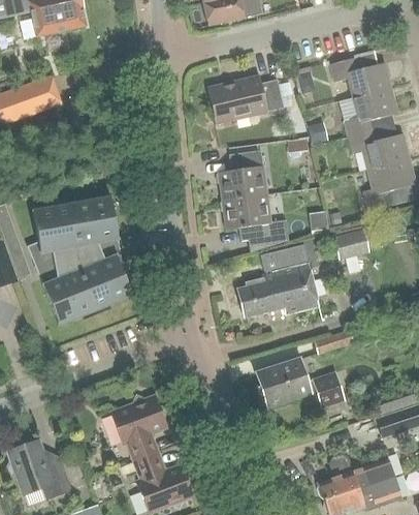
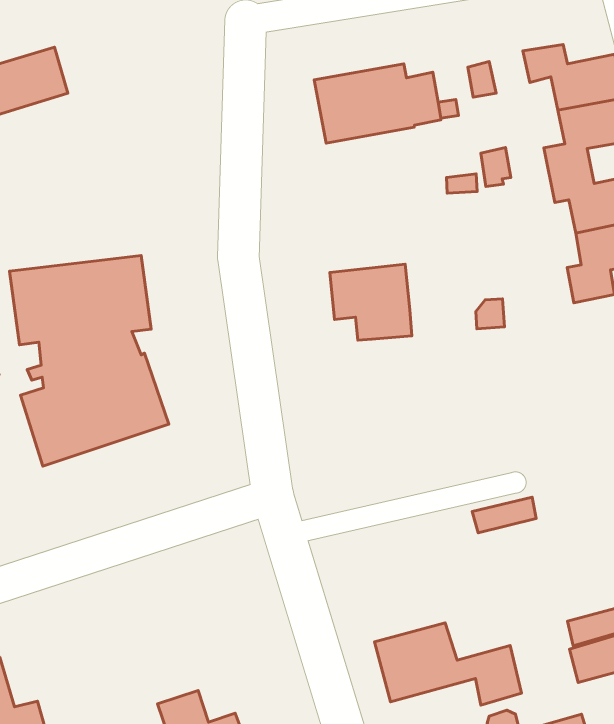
building: [219,150,267,201] -> none
building: [250,218,289,249] -> none
building: [334,230,370,259] -> none
building: [237,244,320,317] -> none
building: [257,359,346,407] -> [375,623,522,705]
building: [111,396,166,462] -> none

